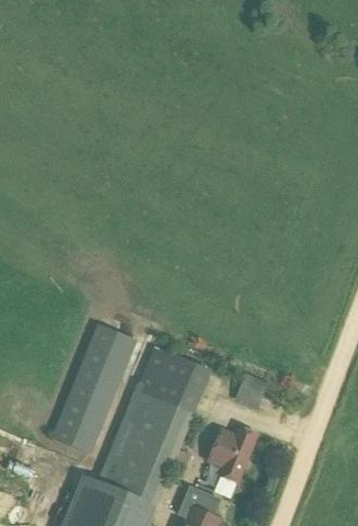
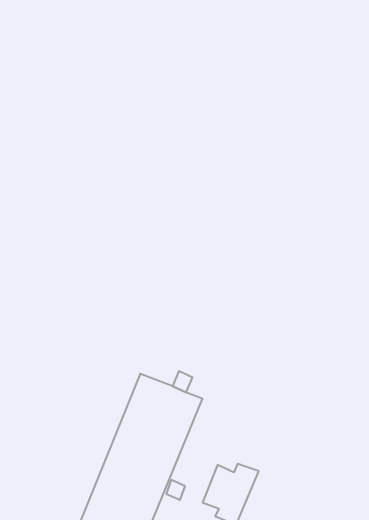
building: [54,327,135,453] -> none
building: [234,374,266,407] -> none

